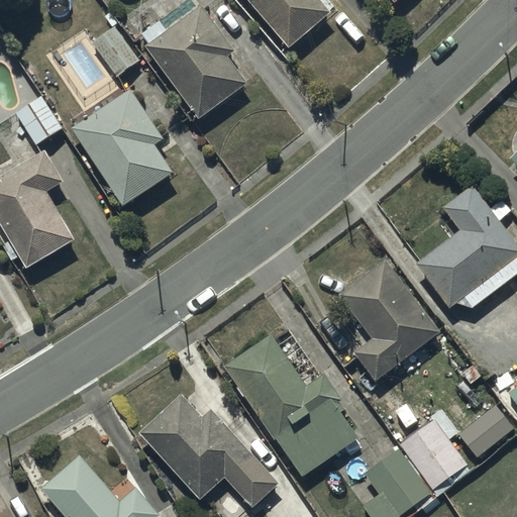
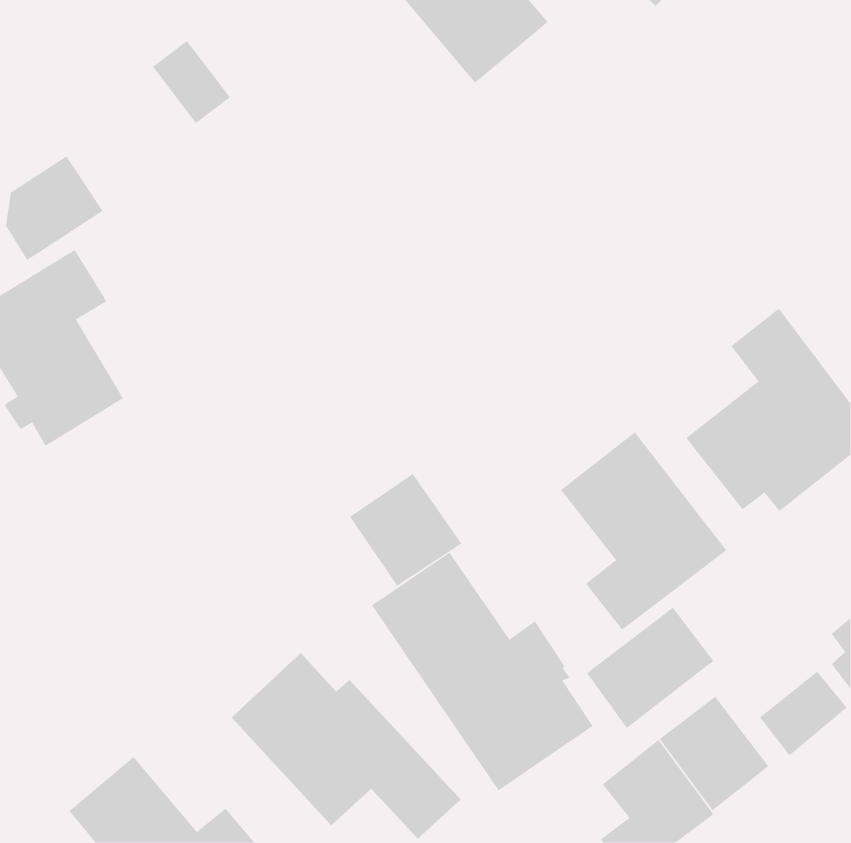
building: [141,5,248,120] -> none
building: [72,89,175,208] -> none
building: none -> [349,473,462,587]
building: none -> [586,607,714,729]

